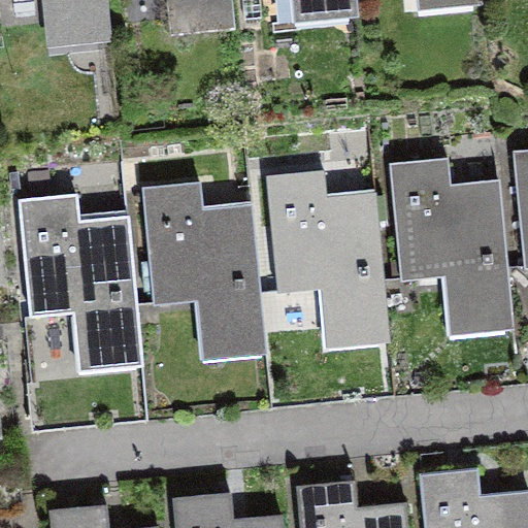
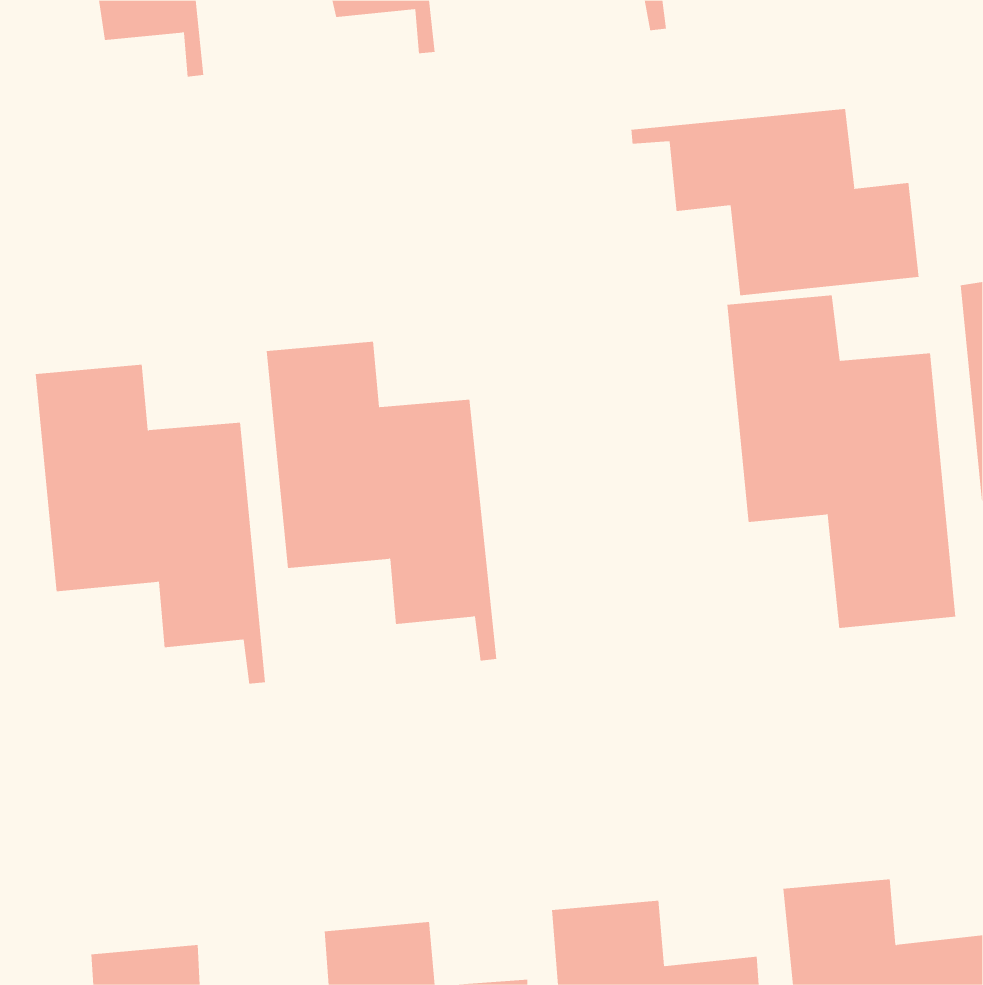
building: none -> [631,108,919,296]
building: [265,170,389,350] -> none

